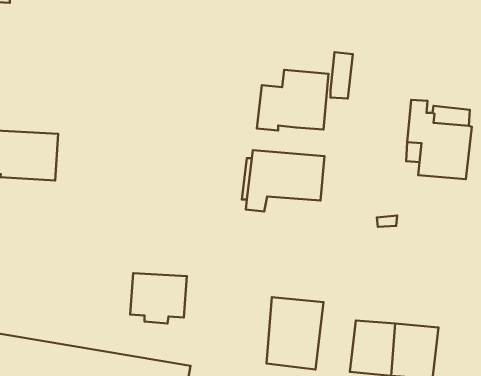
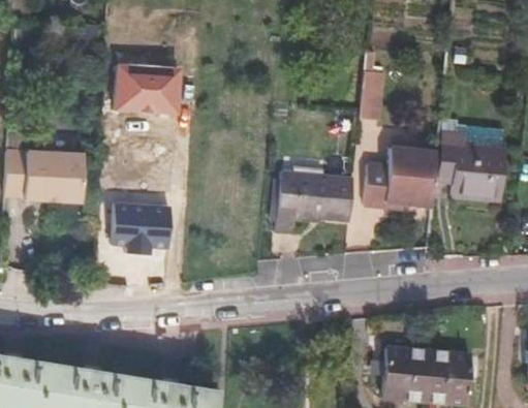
building: none -> [115,64,182,116]
building: [257,70,328,130] -> [364,146,437,208]
building: [130,273,187,323] -> [113,201,170,253]
building: [267,297,324,369] -> none

